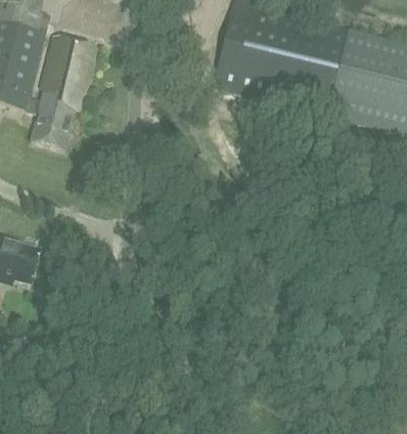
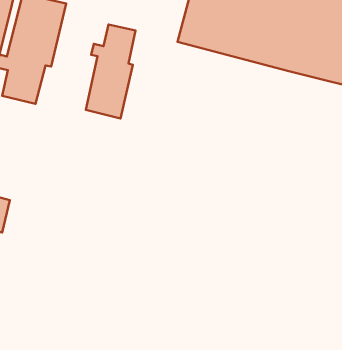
building: none -> [86,24,135,118]

